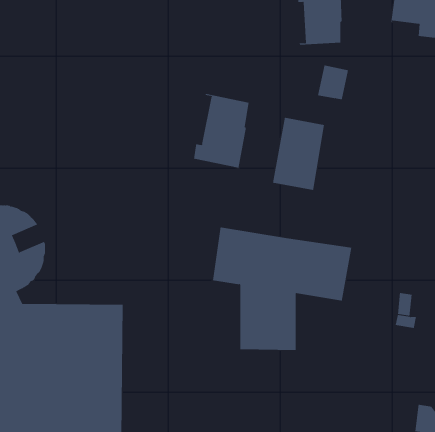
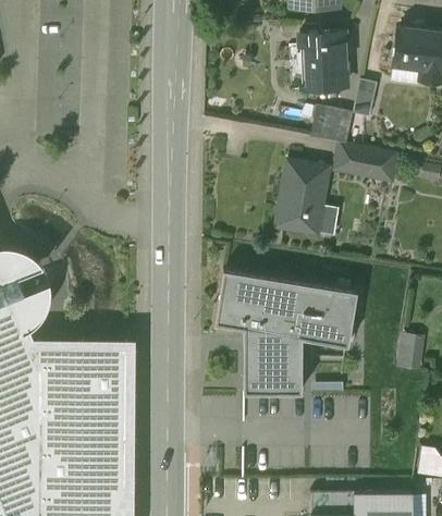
building: none -> [352,81,377,118]
building: [193,93,249,168] -> none
building: none -> [333,143,396,179]

